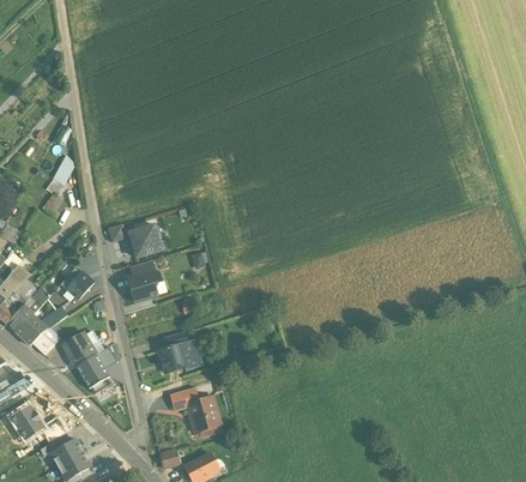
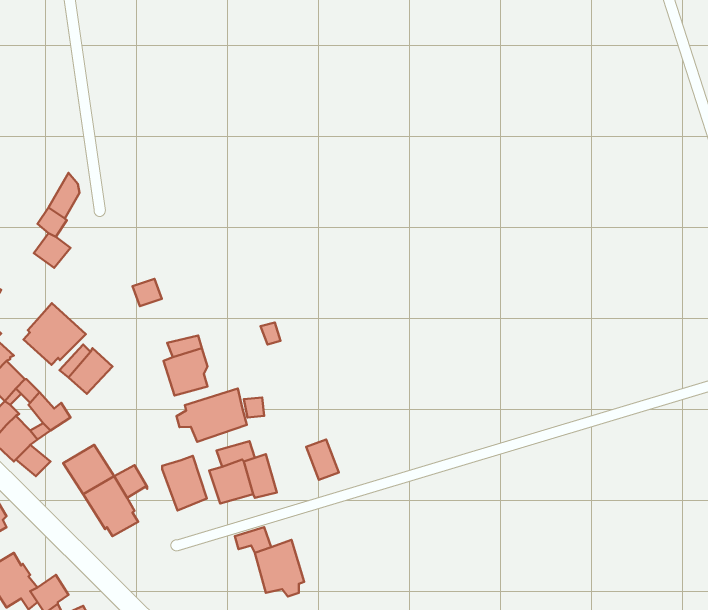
building: [127,223,161,257] -> none
building: none -> [23,303,86,365]
building: none -> [176,389,247,442]
building: none -> [162,456,207,511]

